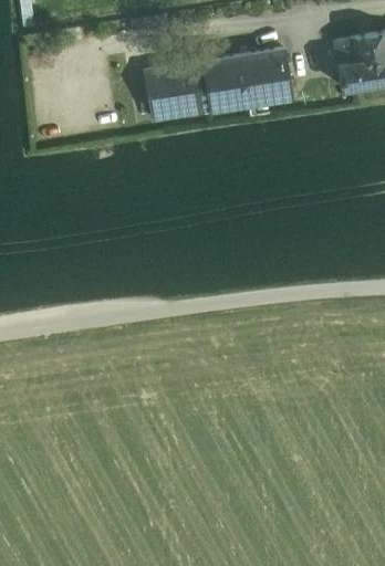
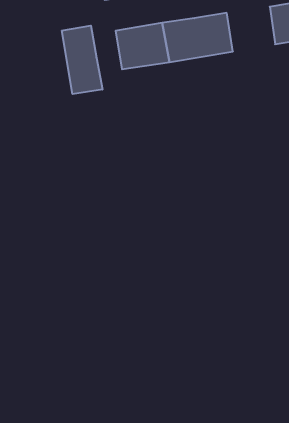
building: none -> [62,26,102,94]

